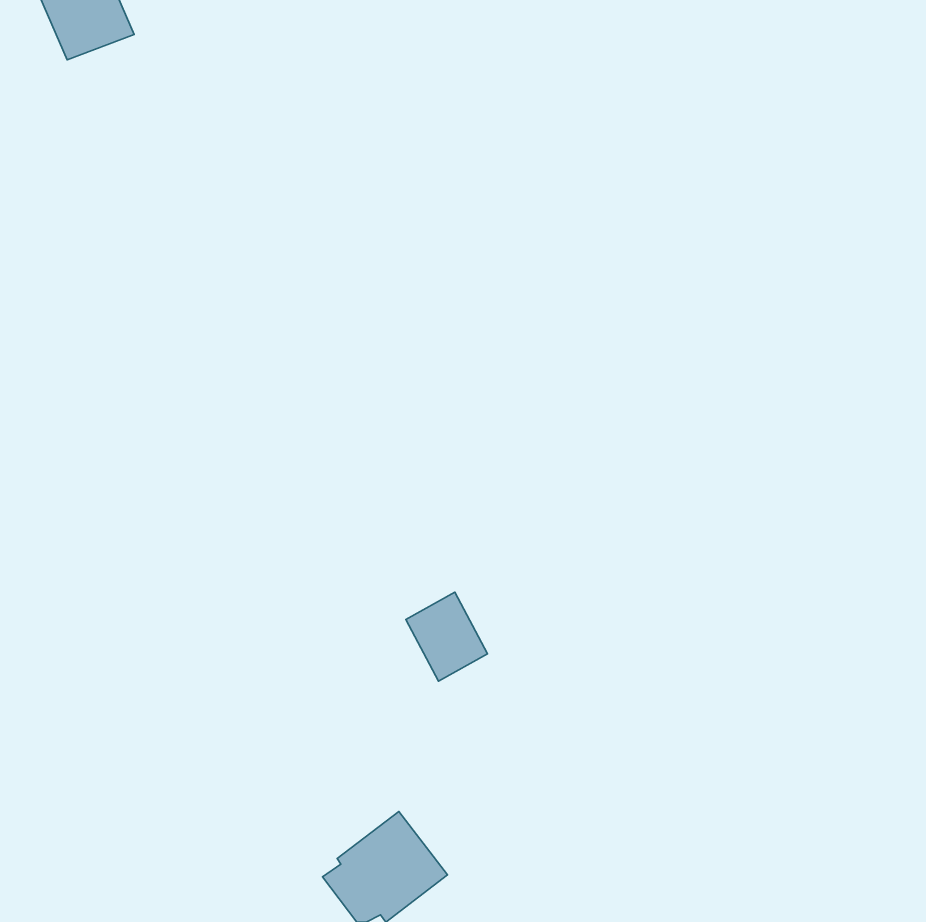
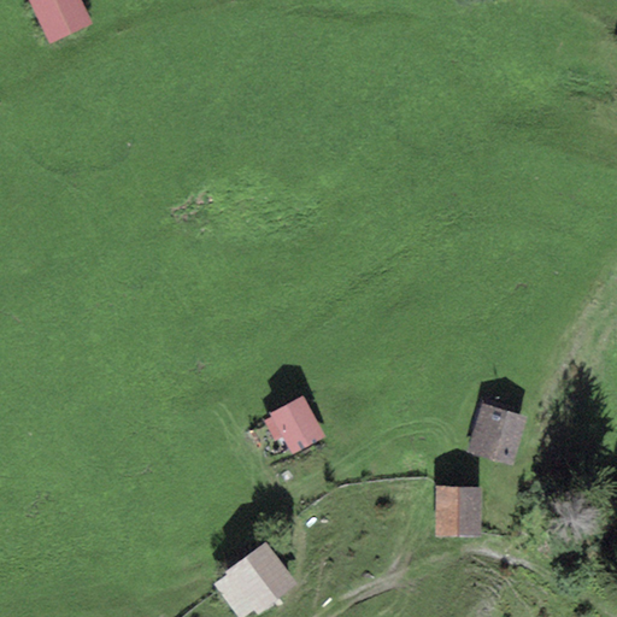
building: none -> [468,402,527,463]
building: none -> [434,486,481,535]

